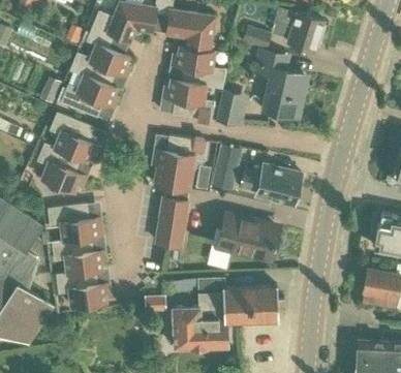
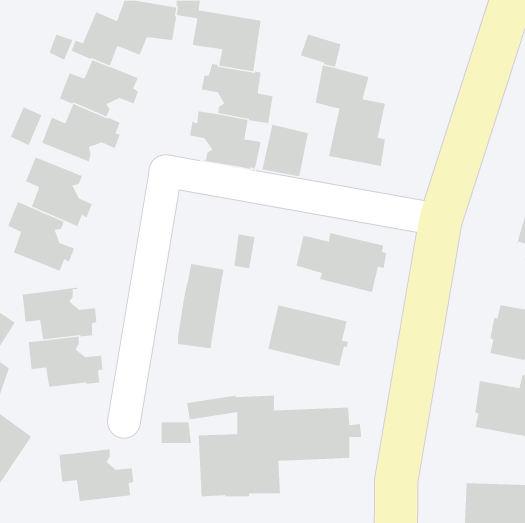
building: [274,7,323,51] -> none
building: [153,135,208,190] -> none
building: [211,144,242,191] -> none
building: [56,270,109,307] -> [59,448,134,502]

